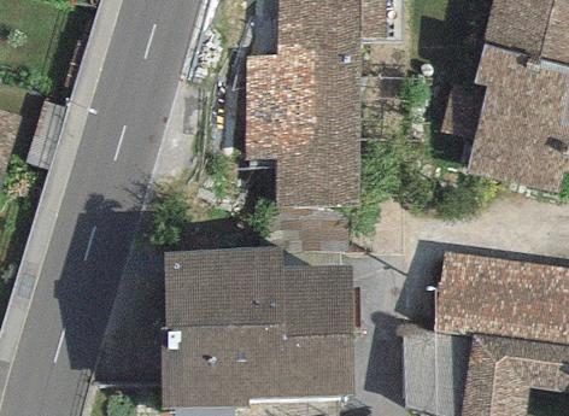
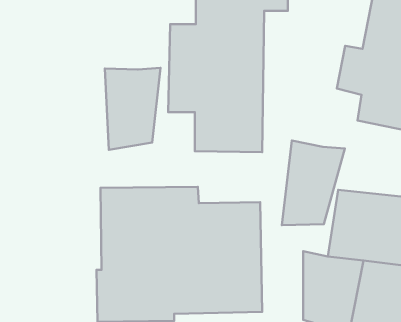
building: none -> [105,68,161,150]
building: none -> [282,140,345,225]

